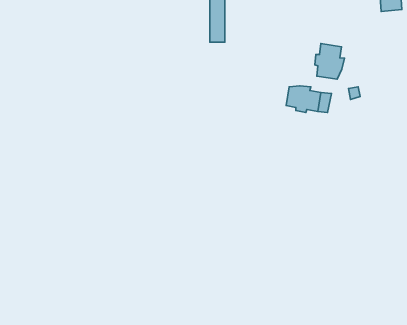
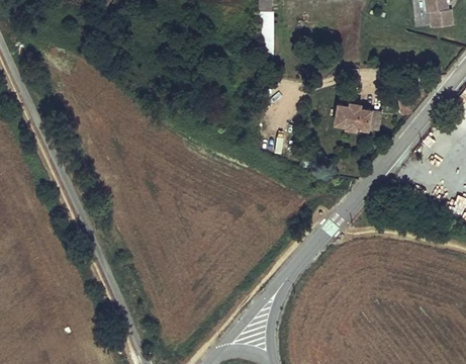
building: [315,43,344,79] -> none

